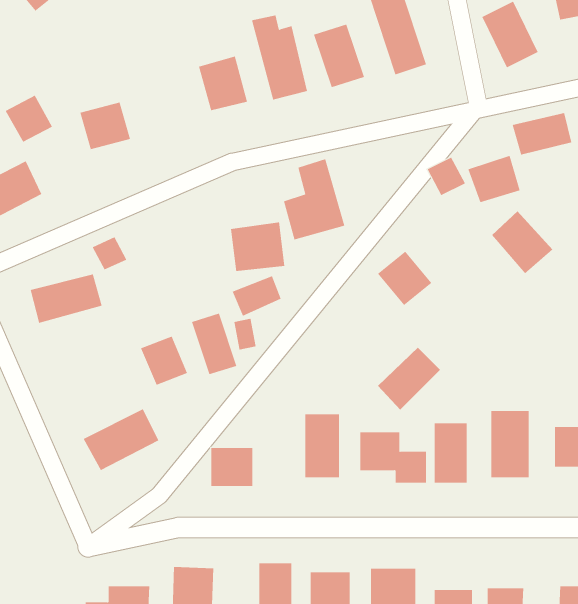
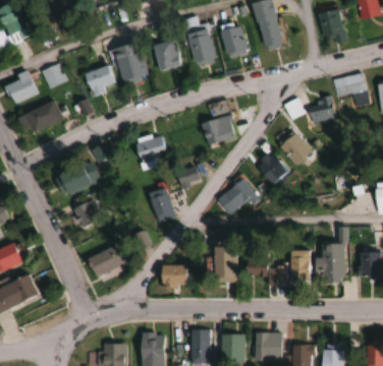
building: none -> [114,42,150,83]
building: [491,210,553,274] -> [278,129,314,166]
building: [230,222,285,271] -> [136,135,168,164]
building: [140,336,188,386] -> [73,200,101,229]
building: [377,347,441,411] -> [219,178,256,215]

